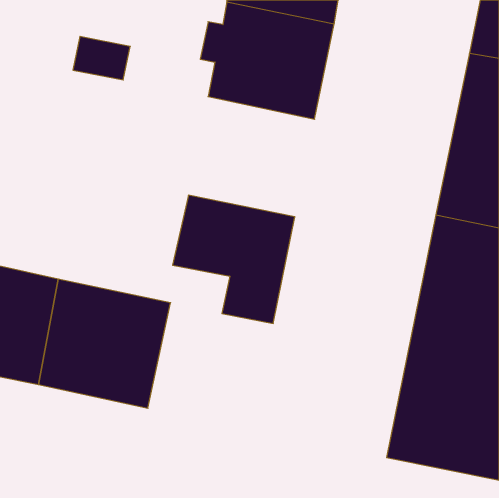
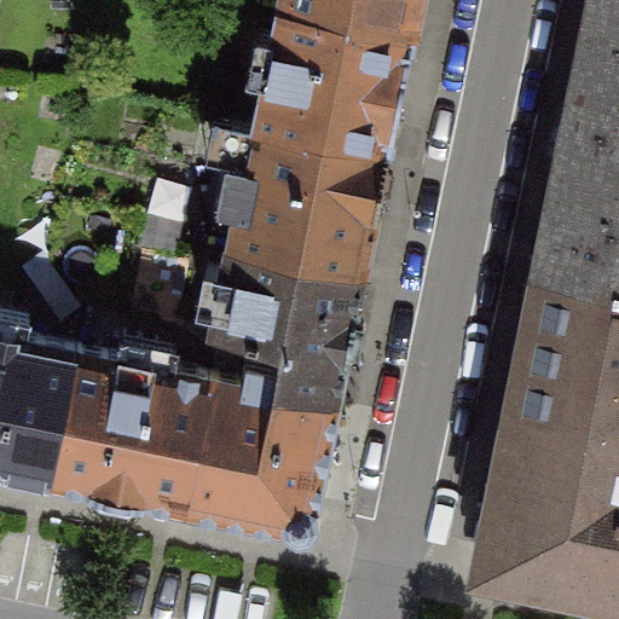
building: none -> [231,126,386,273]
building: none -> [181,378,335,532]

